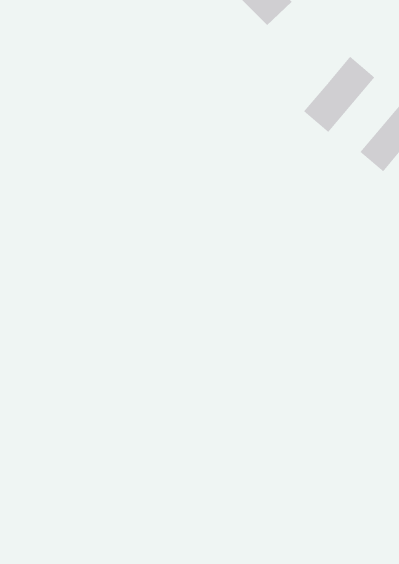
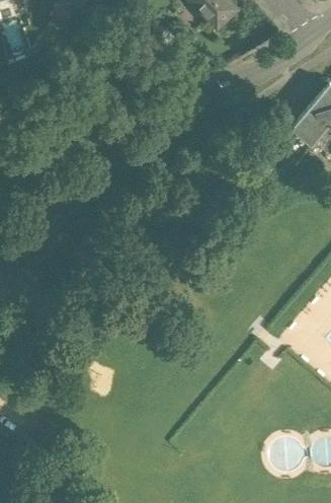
building: [303,56,375,133] -> none

